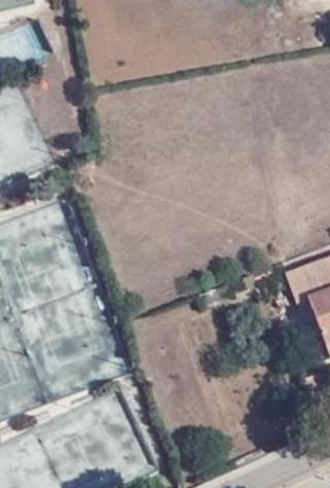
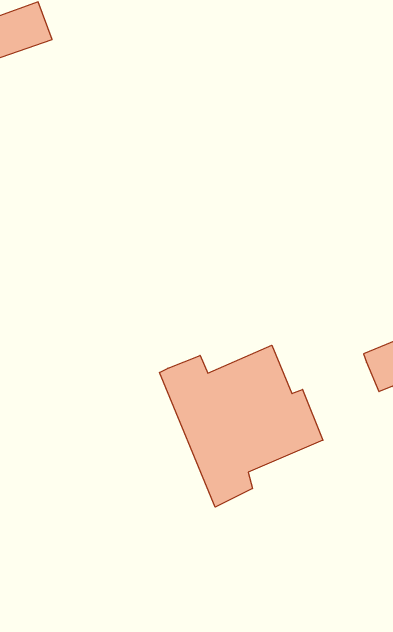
building: none -> [160,345,323,507]

